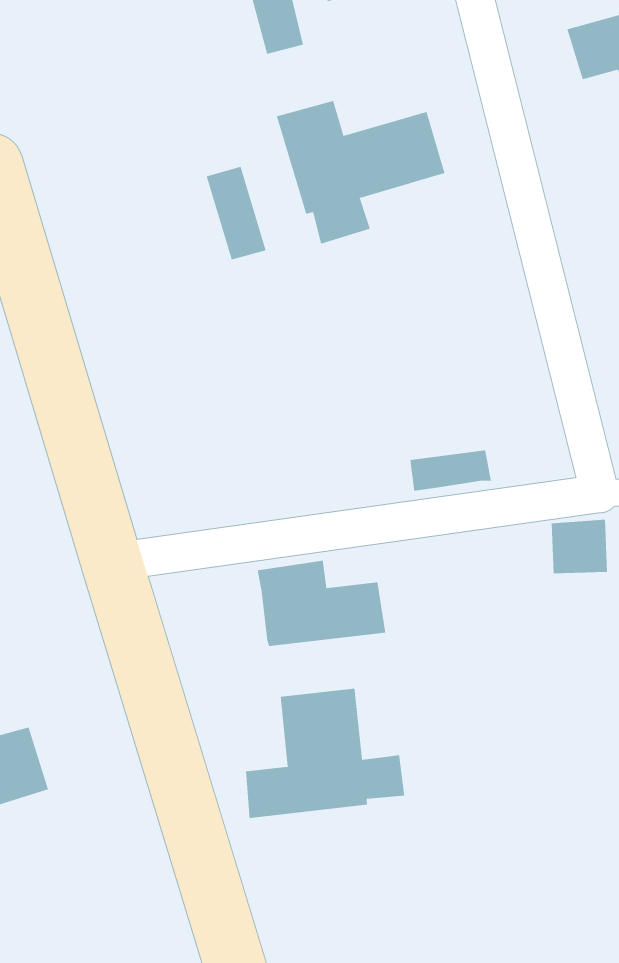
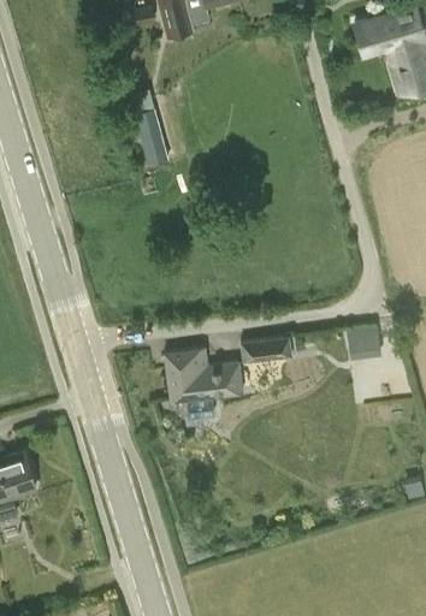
building: [276,100,445,245] -> none
building: [409,450,492,491] -> [241,337,291,362]
building: [245,688,405,819] -> none

